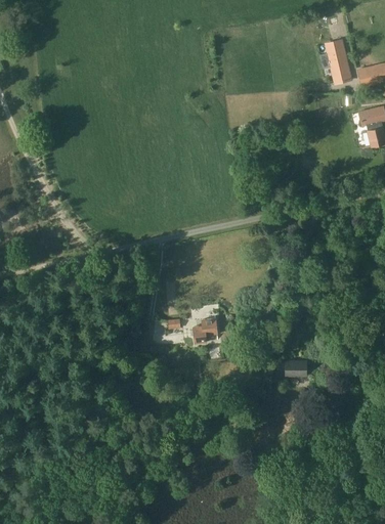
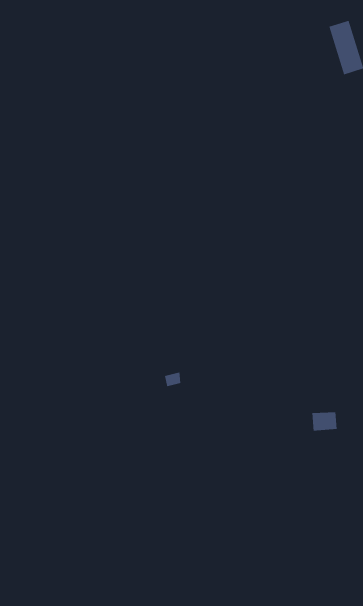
building: [190,318,214,344] -> none

